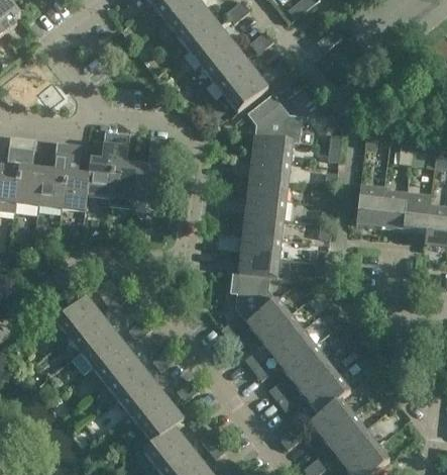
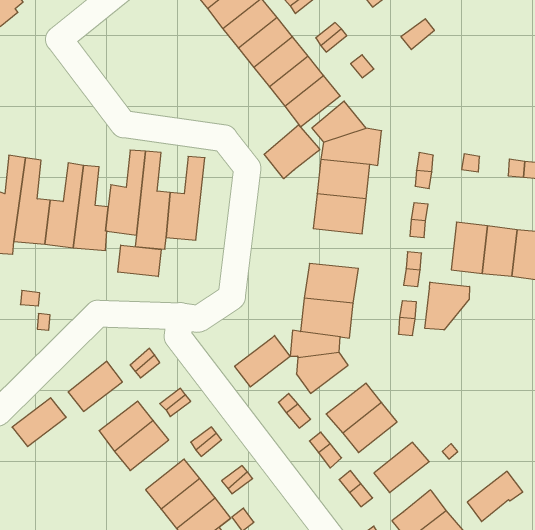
building: none -> [264,125,320,179]
building: [245,192,287,223] -> none
building: none -> [118,245,161,277]
building: none -> [425,282,469,330]
building: [246,297,290,338] -> [235,335,290,387]
building: [69,312,111,351] -> [12,398,66,447]
building: [284,344,326,384] -> none
building: [105,358,147,397] -> none
building: [308,375,351,414] -> [467,471,523,522]

